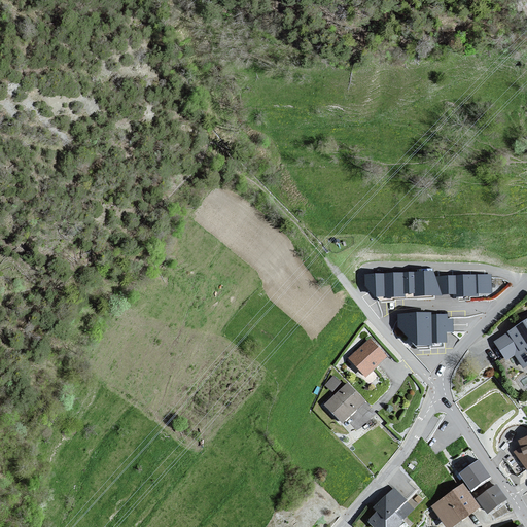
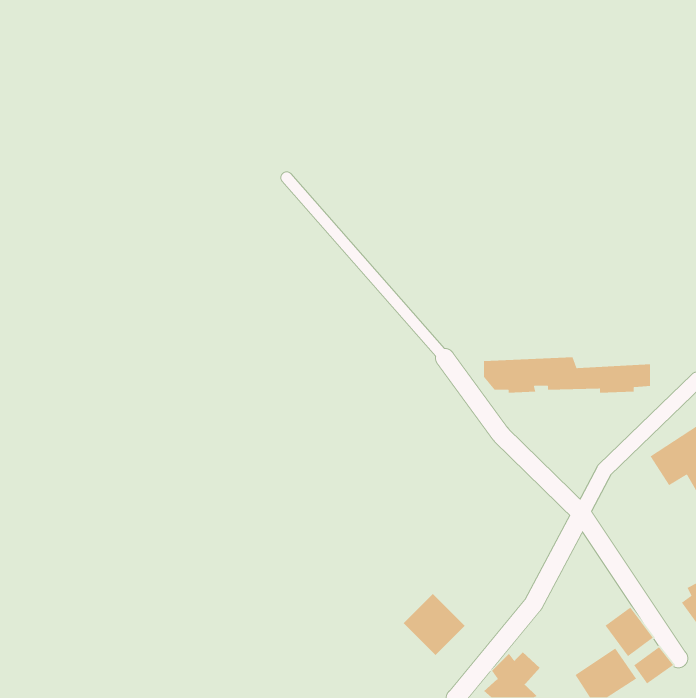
building: [398,312,453,342] -> none
building: [347,337,390,380] -> none
building: [320,380,367,427] -> [403,593,466,656]

